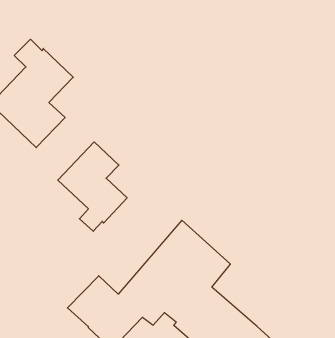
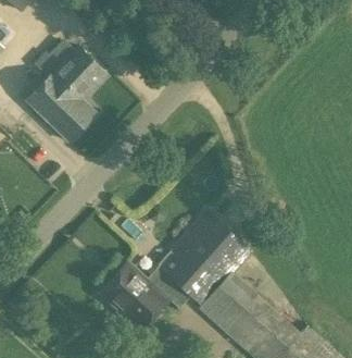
building: [58,142,127,231] -> none

